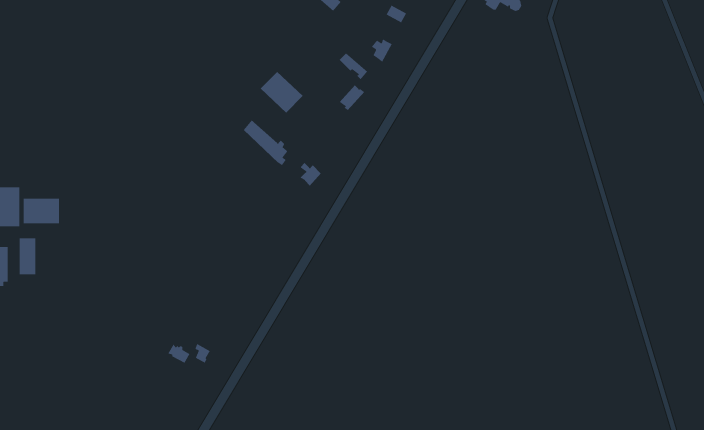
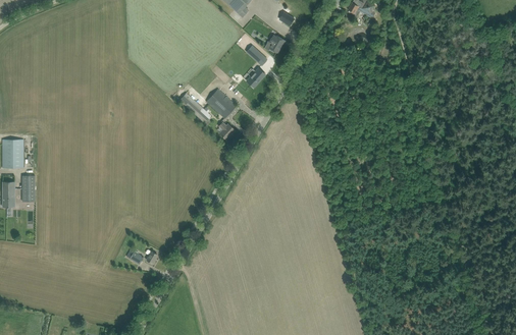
building: [260,71,303,113] -> [205,89,236,118]
building: [23,198,60,224] -> none

